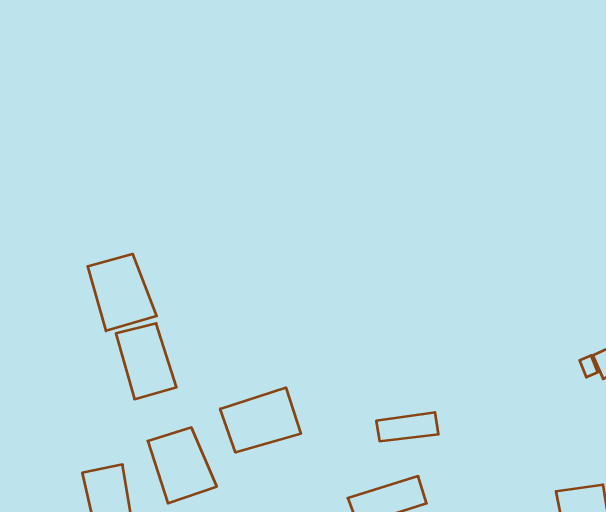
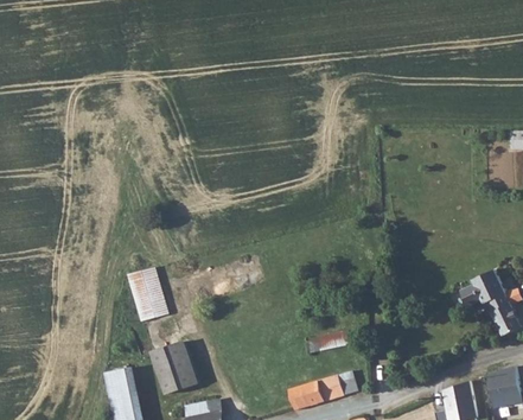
building: [88,254,157,331] -> none
building: [220,388,301,452] -> none

